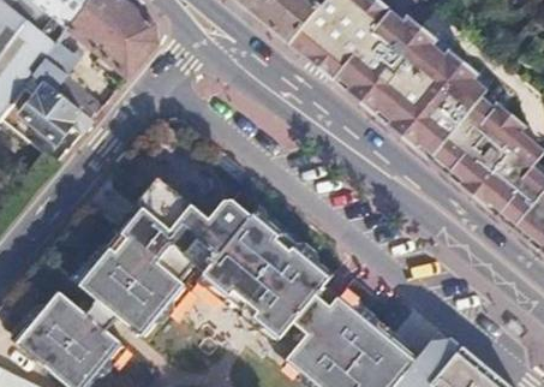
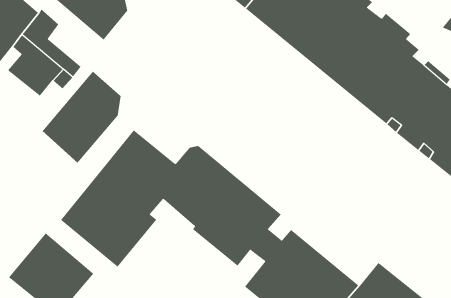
building: none -> [42,71,121,164]

